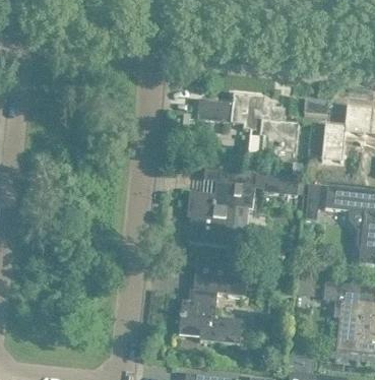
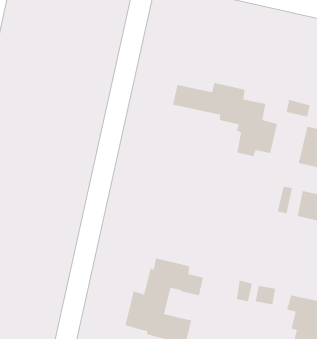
building: [187,168,297,246] -> none

